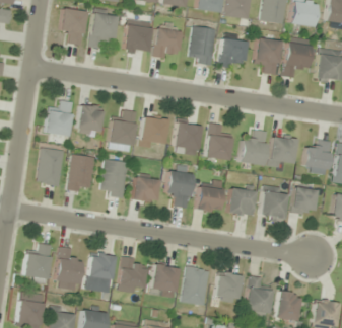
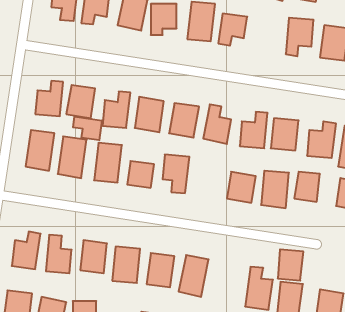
building: [255,38,280,74] -> none
building: none -> [73,117,102,140]
building: [196,186,221,213] -> none
building: [216,272,241,302] -> [278,249,303,281]

